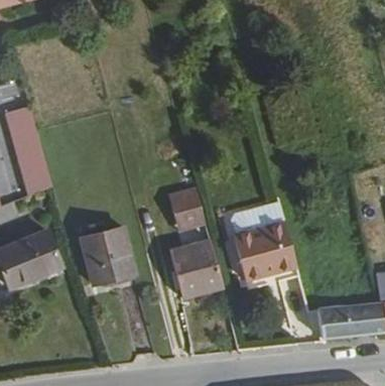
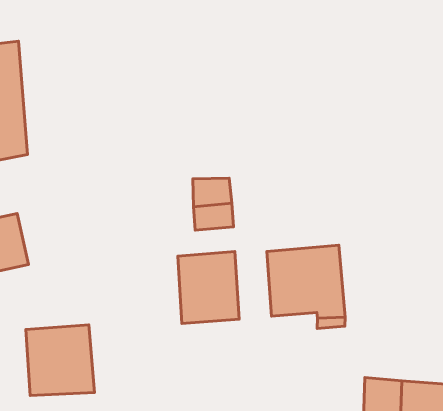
building: [79,218,134,274] -> [26,325,95,396]

